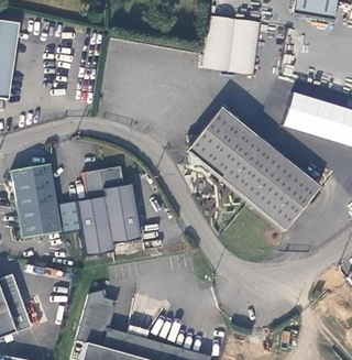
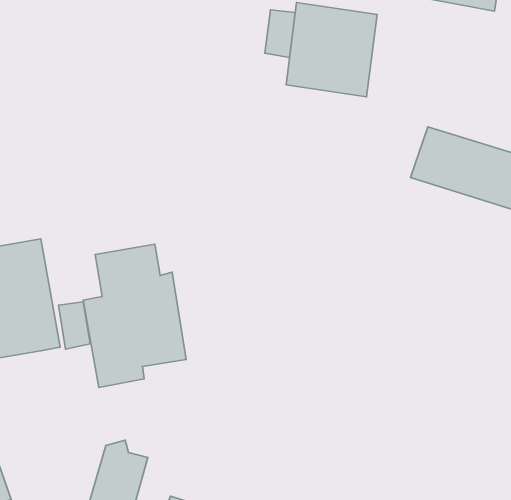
building: none -> [265,10,295,58]
building: [186,106,319,229] -> none

